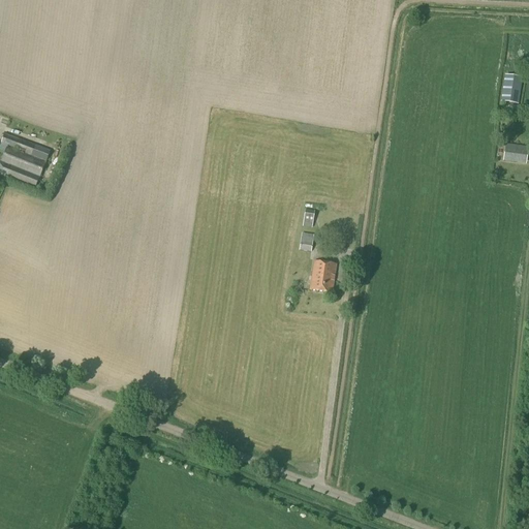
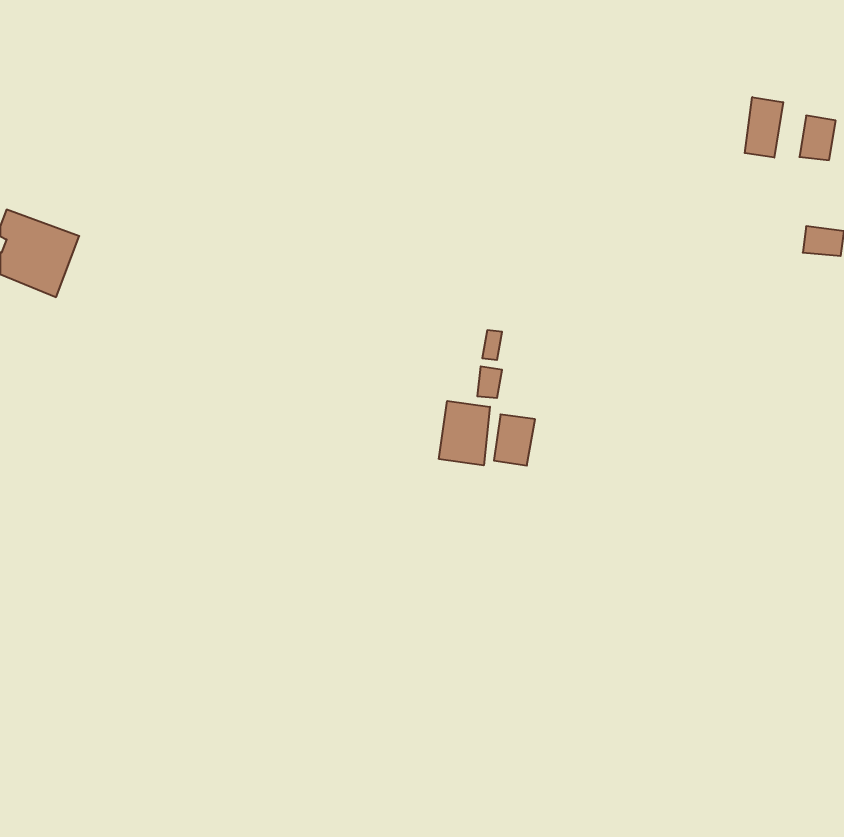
building: none -> [745,97,783,158]
building: none -> [439,401,490,465]

